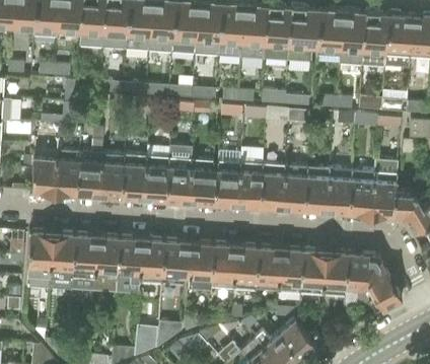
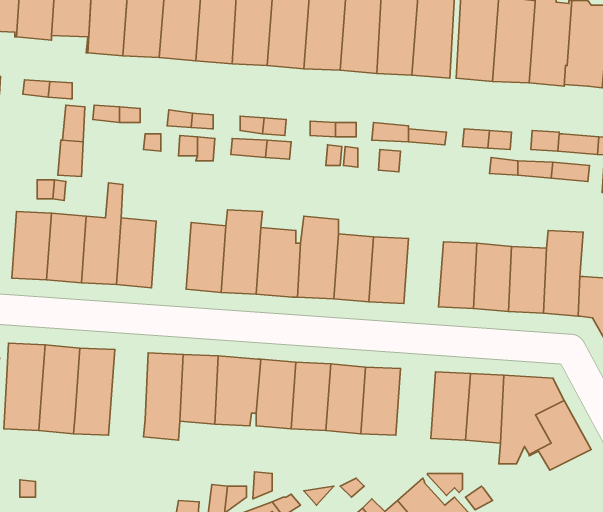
building: [121,154,146,198] -> none
building: [282,165,307,209] -> none
building: [93,236,119,292] -> none
building: [277,248,302,293] -> none

